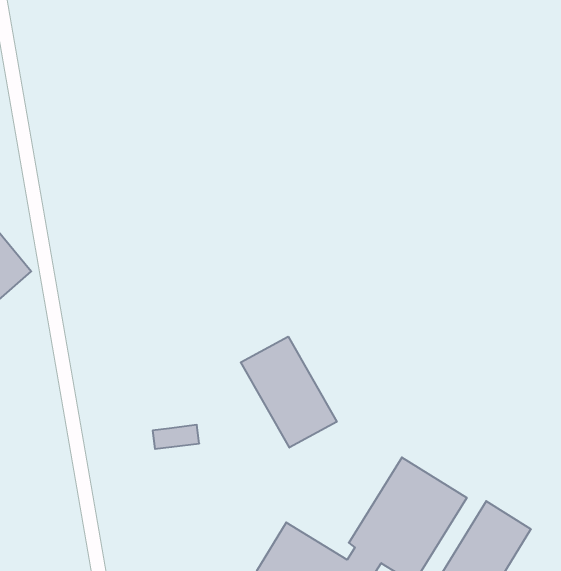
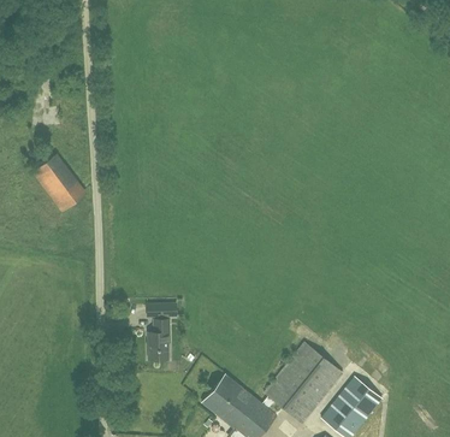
building: [241,337,337,448] -> none
building: none -> [149,319,170,359]

